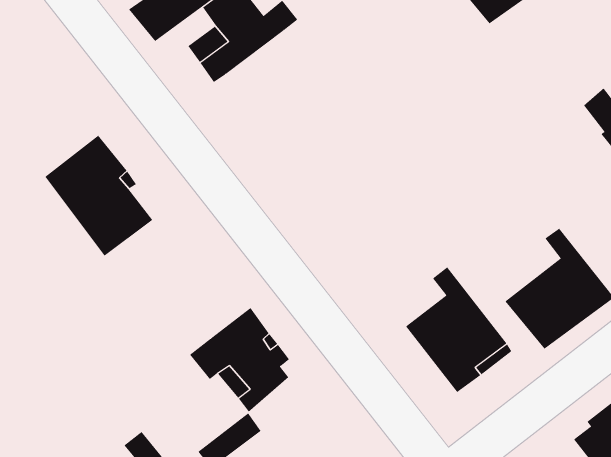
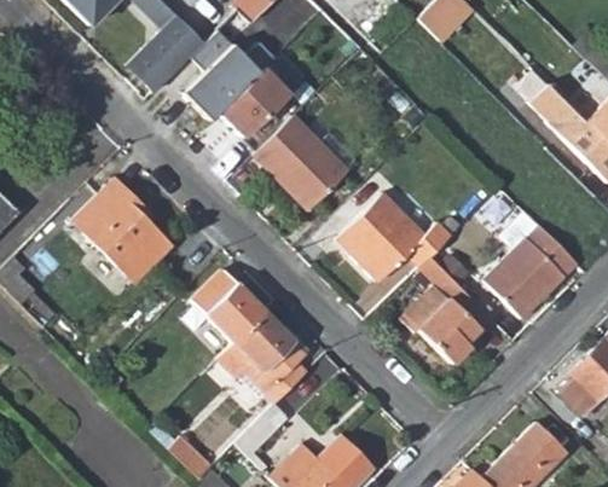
building: none -> [218,68,289,138]
building: none -> [253,115,355,211]
building: none -> [340,196,464,283]
building: none -> [191,271,265,343]

